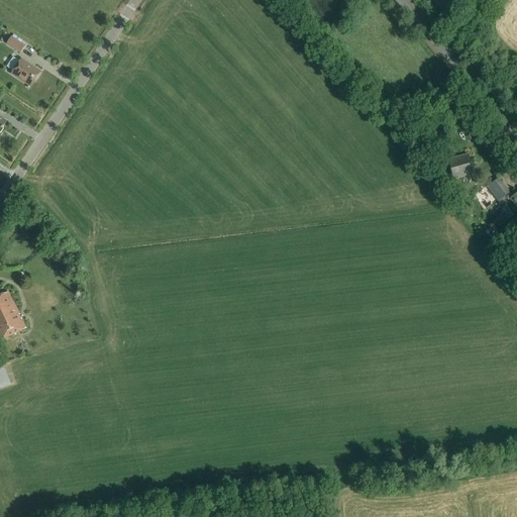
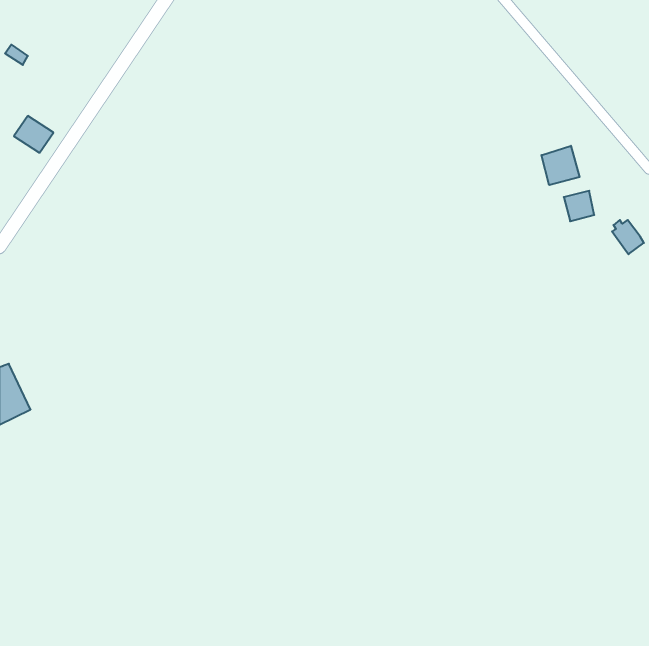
building: [9,56,40,85] -> [14,116,53,153]
building: none -> [541,146,580,185]

